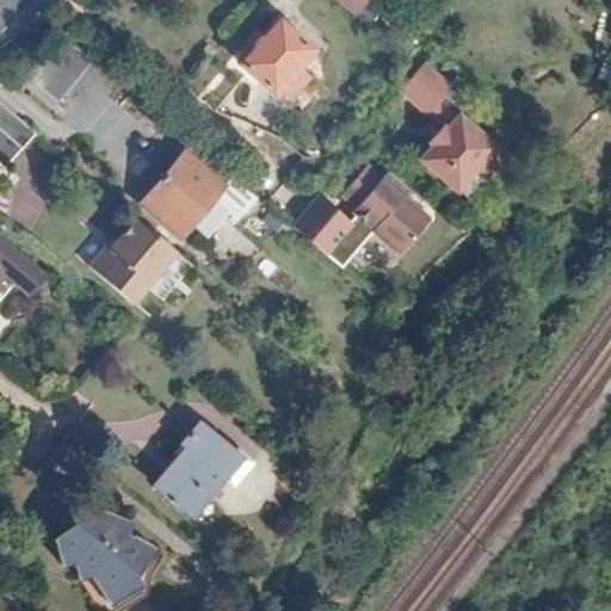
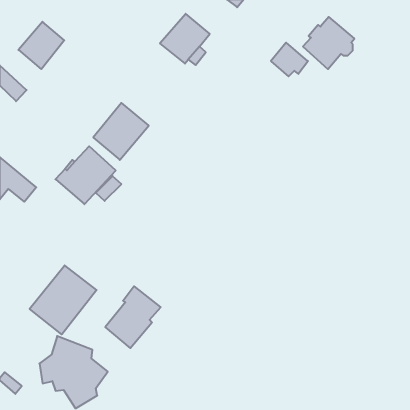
building: [421,115,498,192] -> [303,17,354,69]
building: [295,165,431,269] -> none
building: none -> [30,265,97,334]

